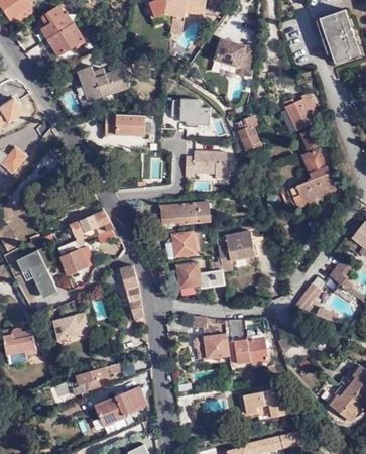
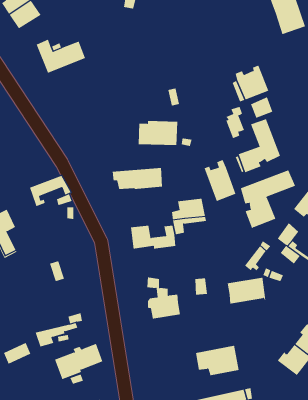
building: [215,39,255,75] -> none
building: [172,100,210,129] -> none
building: [101,114,144,134] -> none
building: [239,117,259,151] -> [226,106,245,139]
building: none -> [204,159,236,202]
building: none -> [240,169,296,229]
building: [171,232,195,257] -> none
building: [57,240,91,275] -> none
building: [118,266,144,321] -> none
building: [51,313,91,344] -> none
building: [227,338,268,366] -> [227,277,266,304]

